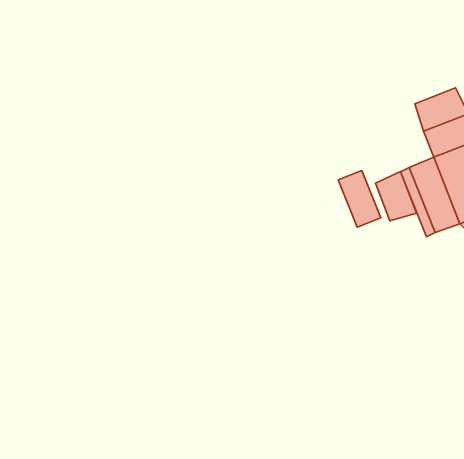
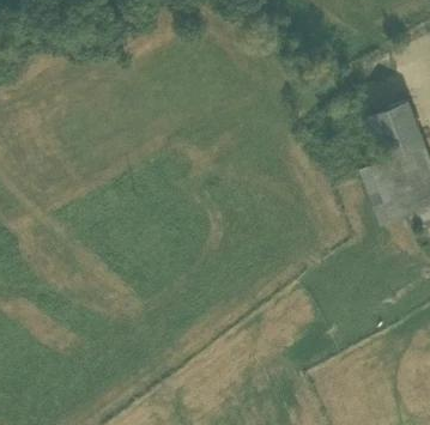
building: [338,171,381,227] -> none
building: [375,171,417,221] -> none

